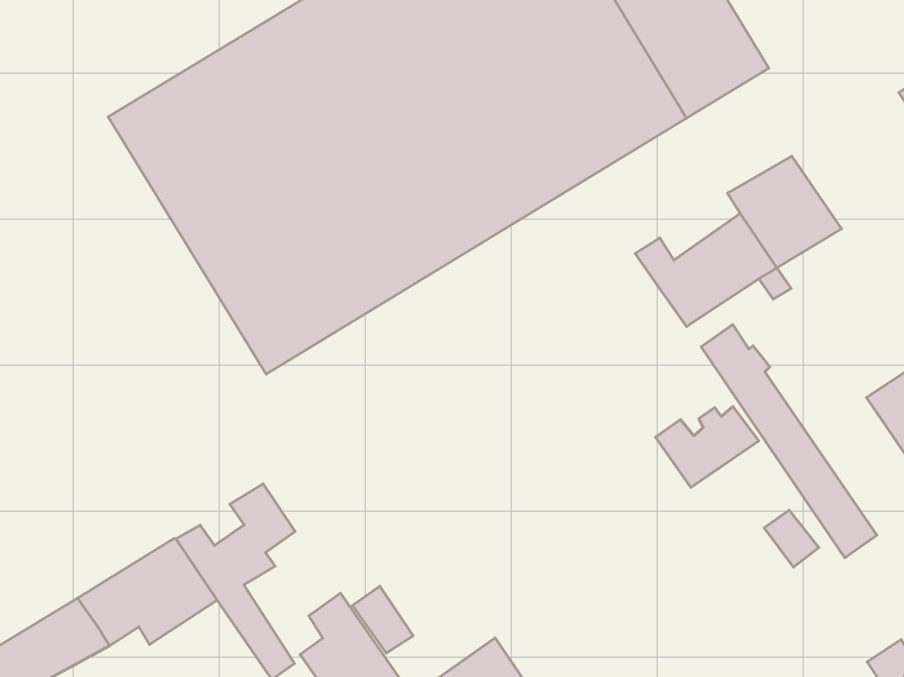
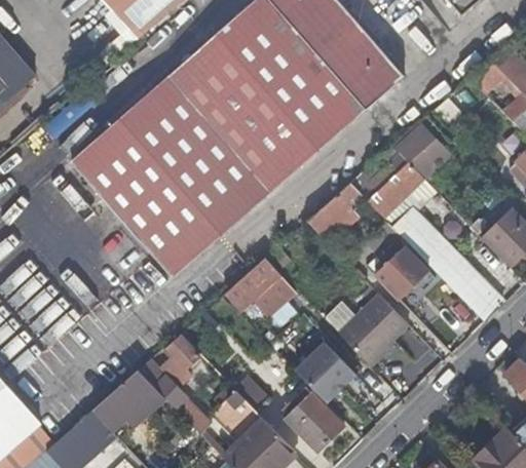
building: none -> [307,184,364,237]
building: none -> [224,258,296,316]
building: none -> [338,295,408,363]
building: none -> [295,343,355,402]

